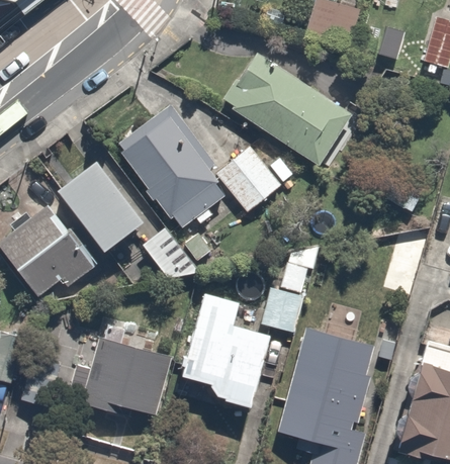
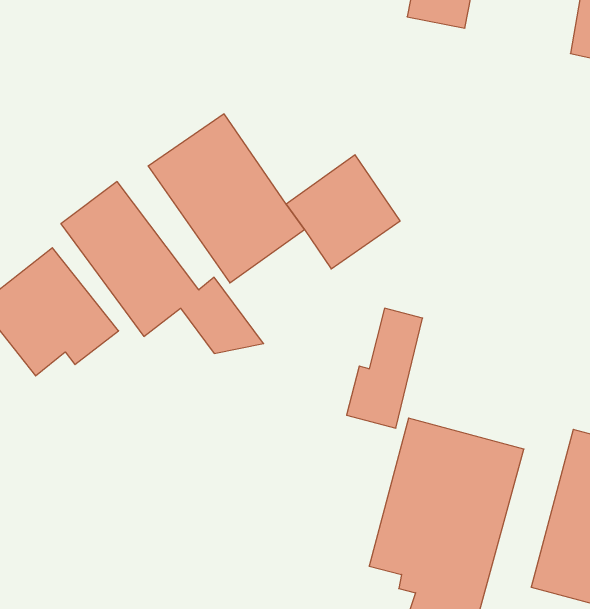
building: [222,51,354,167] -> none
building: [182,293,274,409] -> none
building: [67,335,166,419] -> none

